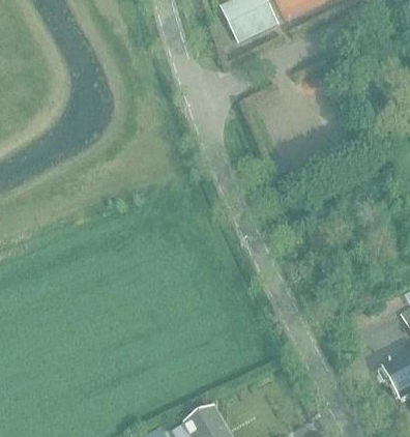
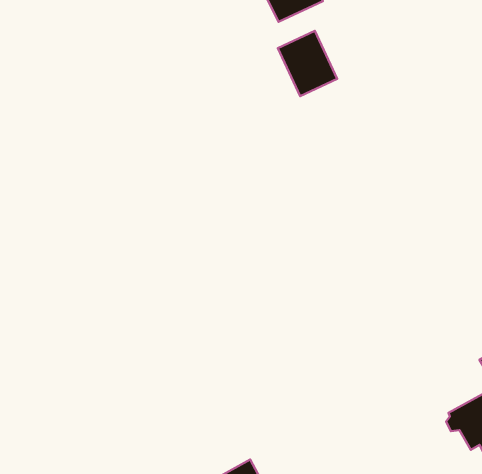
building: none -> [278,31,337,96]

